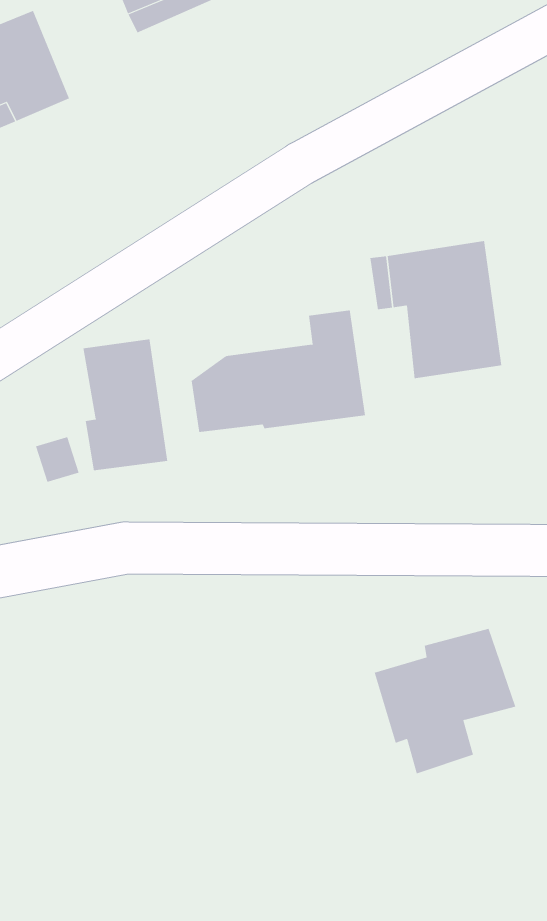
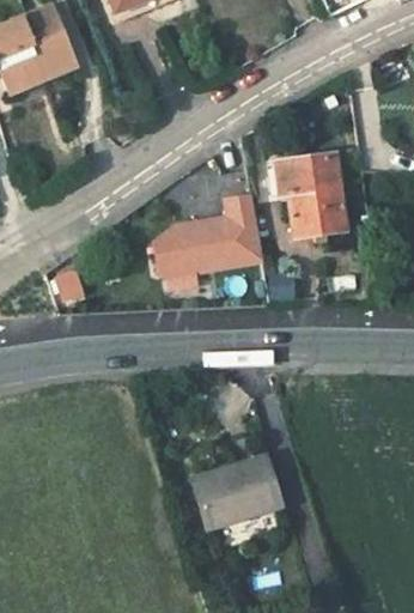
building: [83,339,168,471] -> none
building: [374,628,516,774] -> [191,455,280,546]

